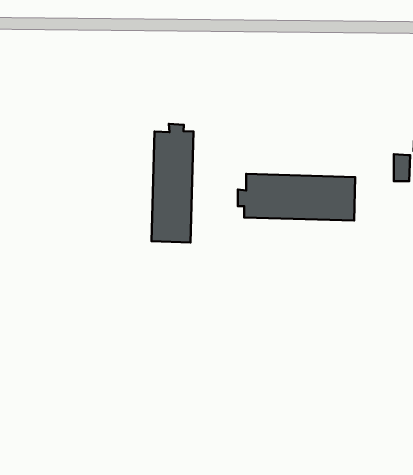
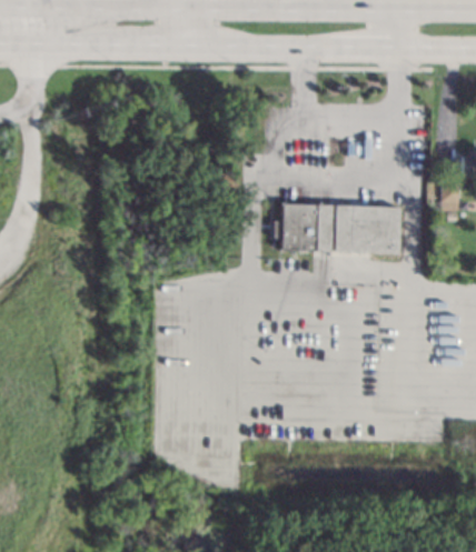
building: [151,124,194,243] -> none

